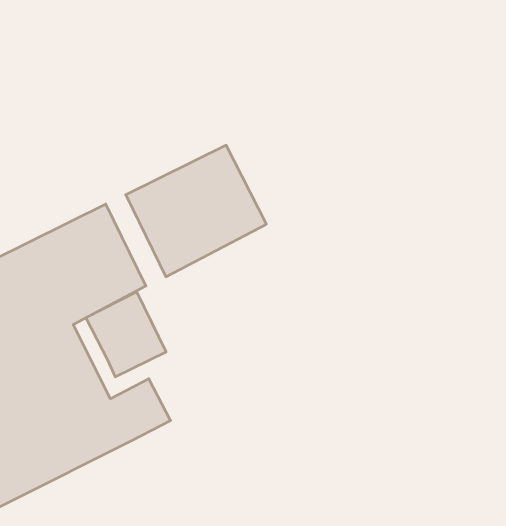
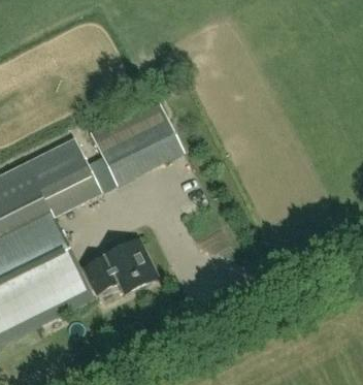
building: [86,292,166,377] -> [105,236,159,293]

